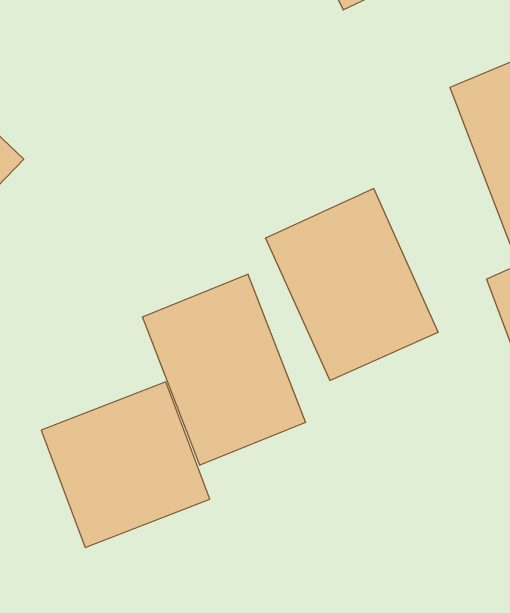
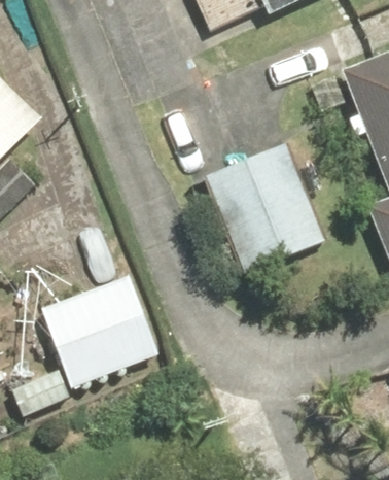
building: [142,274,305,465] -> none

